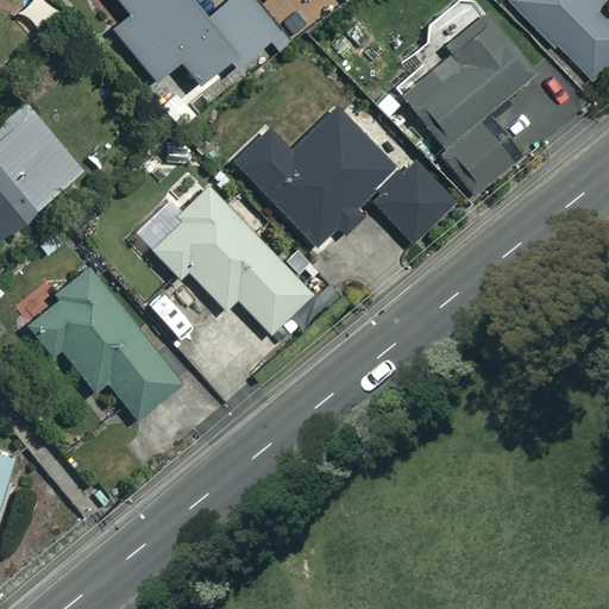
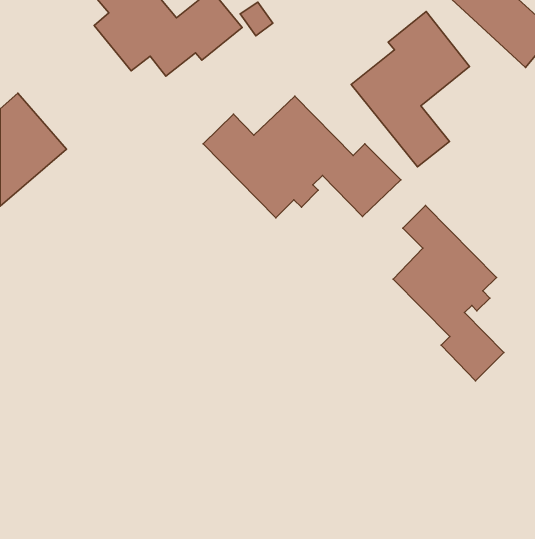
building: [143,187,310,332] -> none
building: none -> [393,205,504,381]
building: [26,262,183,420] -> none

